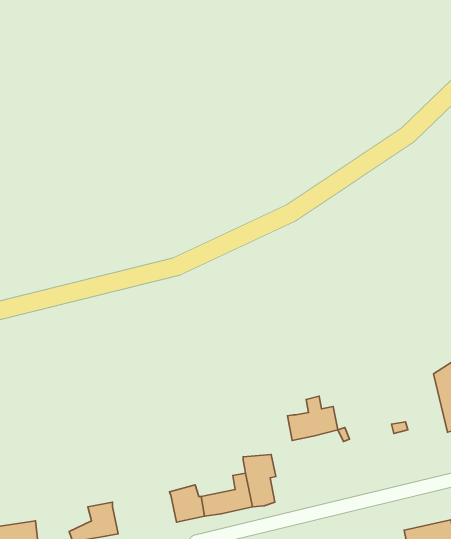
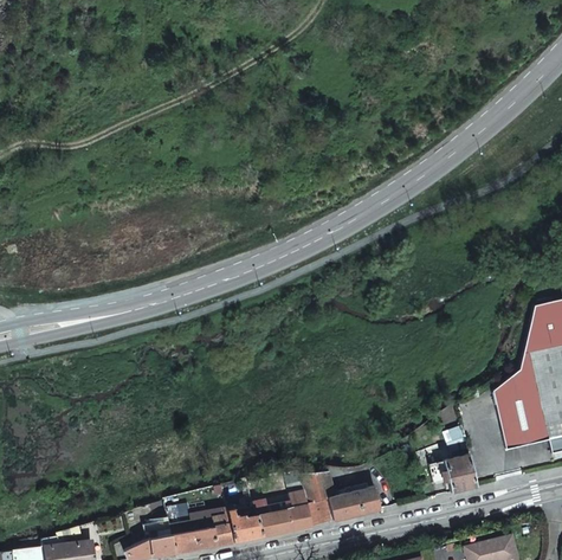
building: [288,396,338,440] -> [328,476,379,521]
building: none -> [443,456,477,494]
building: none -> [168,514,233,553]

